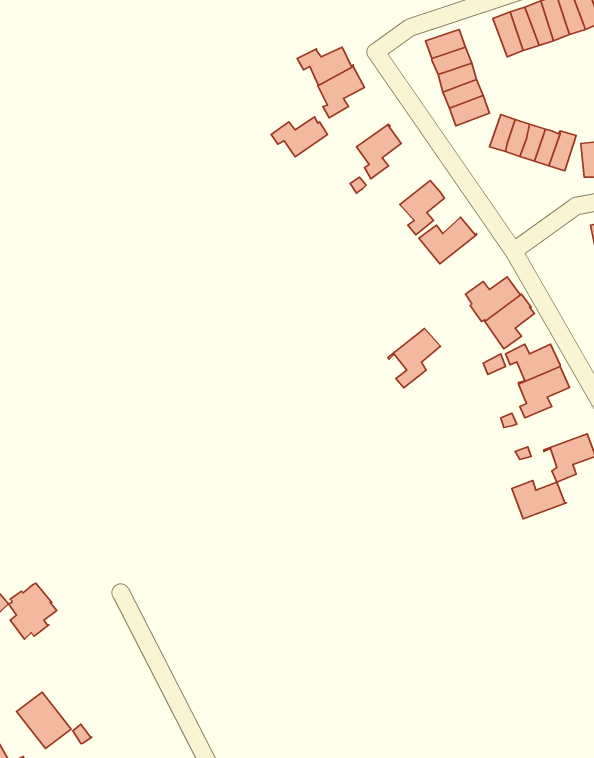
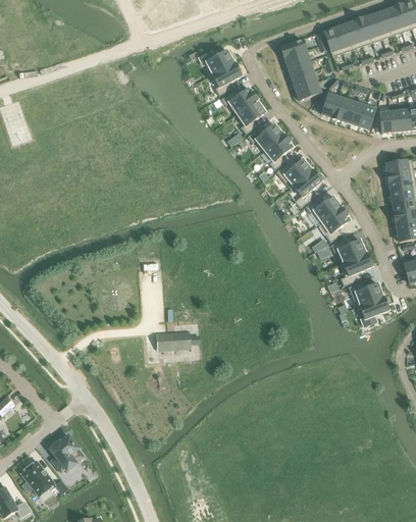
building: [271,117,327,157] -> [221,88,257,113]
building: none -> [248,123,283,150]
building: [388,329,441,388] -> [290,169,323,207]
building: [512,480,566,519] -> [349,281,383,306]
building: none -> [157,331,191,350]
building: [9,583,57,639] -> [51,435,82,471]

